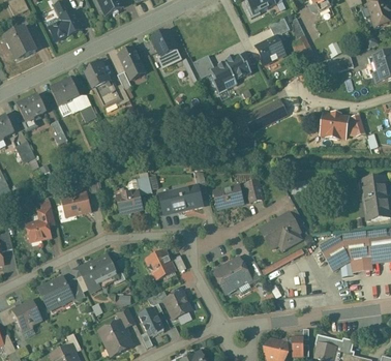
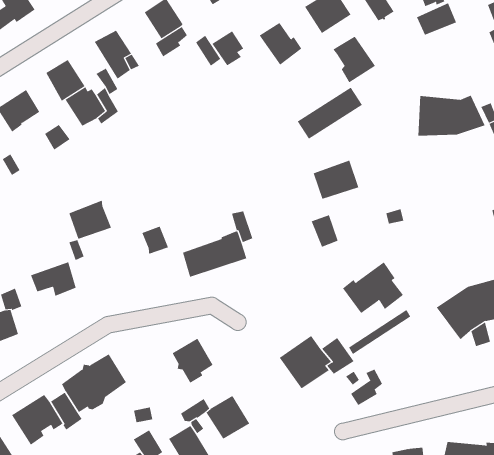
building: [210,62,237,92] -> [332,36,376,83]
building: [214,184,243,208] -> [313,160,359,200]
building: [116,189,143,213] -> [69,200,112,240]

